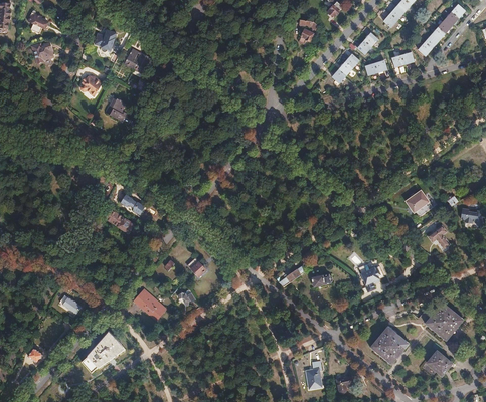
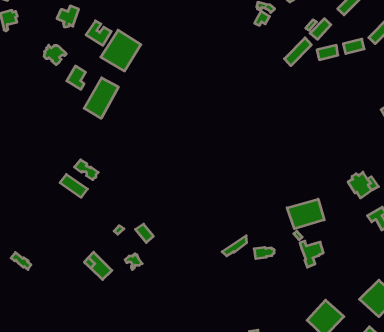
building: none -> [101,30,141,71]
building: none -> [84,78,118,118]
building: none -> [287,199,324,229]
building: [80,331,124,372] -> none

